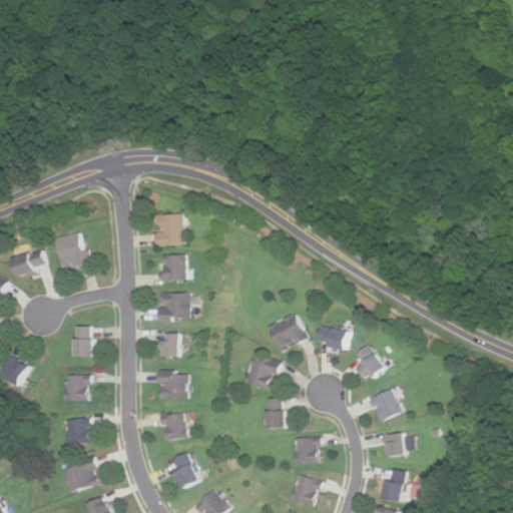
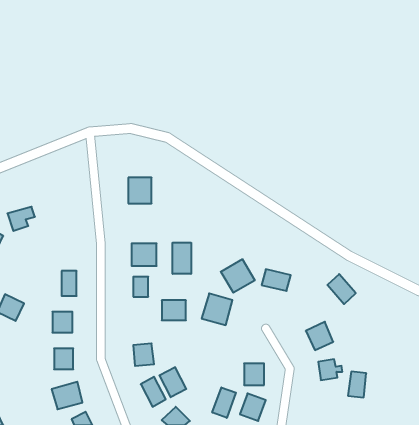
building: [53,230,87,269] -> none
building: [158,253,185,279] -> none
building: none -> [173,243,191,274]
building: [351,344,385,380] -> [327,274,356,304]
building: [157,374,186,398] -> [162,300,186,320]
building: [266,398,285,429] -> none
building: none -> [159,367,186,397]
building: none -> [212,387,236,418]
building: [383,469,405,500] -> [348,372,366,397]

